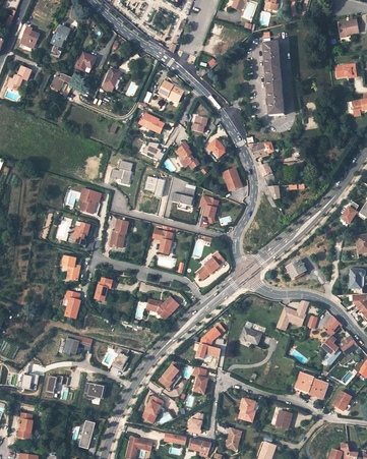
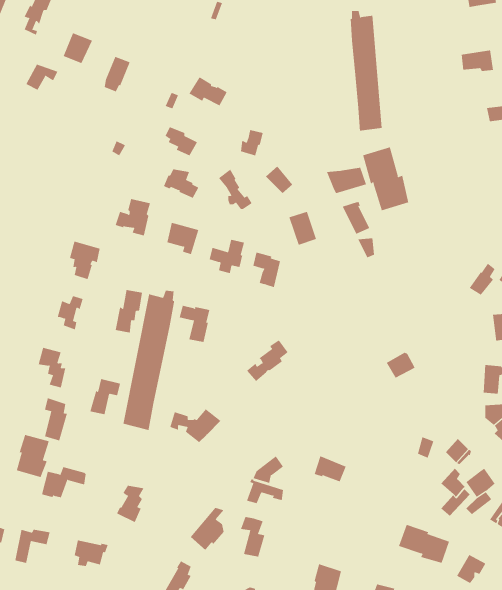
building: none -> [363,147,409,211]
building: none -> [123,290,175,431]
building: [276,300,307,329] -> none
building: none -> [16,434,50,478]

